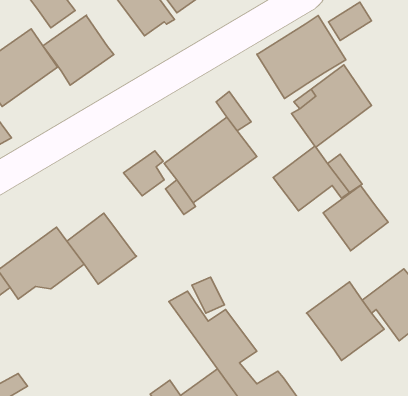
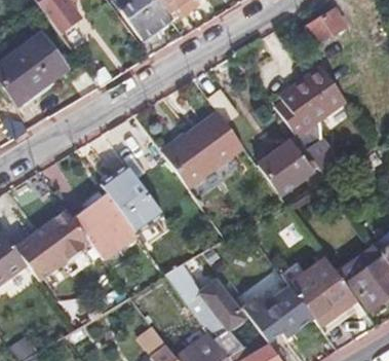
building: [43,15,114,85] -> none
building: [257,16,346,98] -> none
building: none -> [99,165,162,233]
building: [323,185,388,251] -> none
building: none -> [241,286,312,342]

